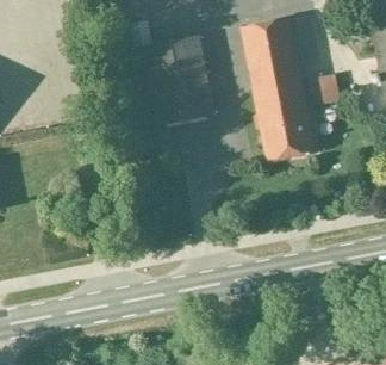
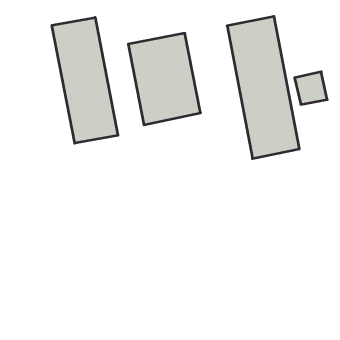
building: none -> [52,17,118,143]

